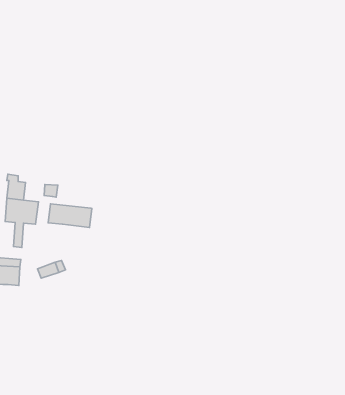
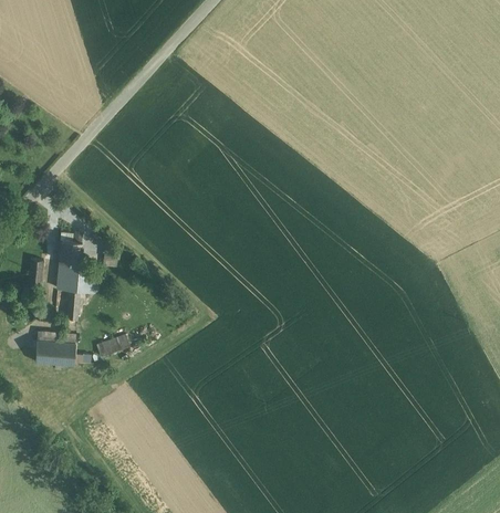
building: [48,204,92,227] -> none

